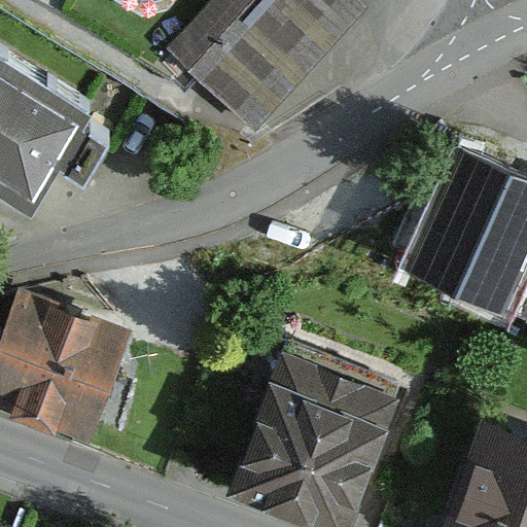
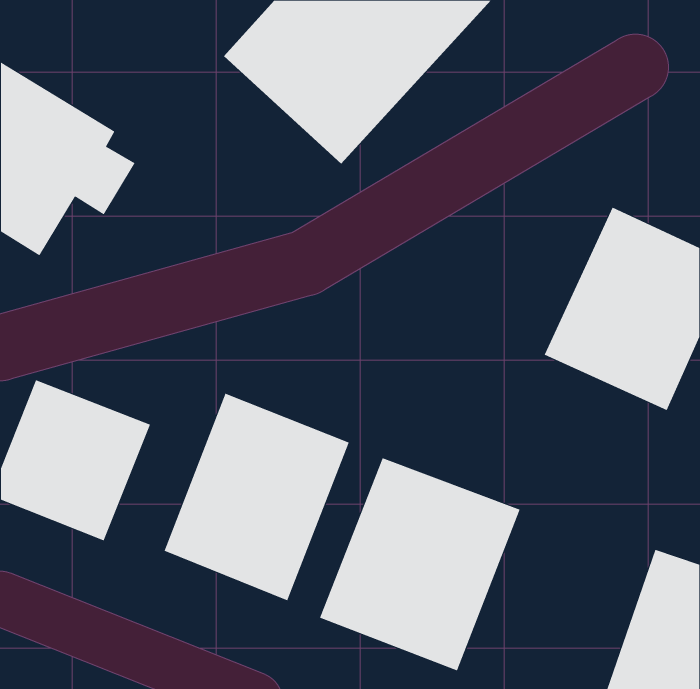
building: none -> [164,393,350,601]

